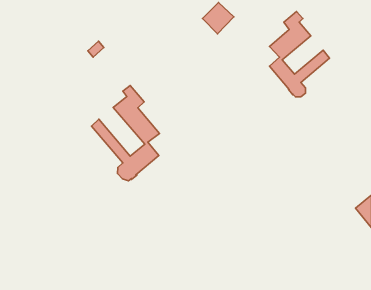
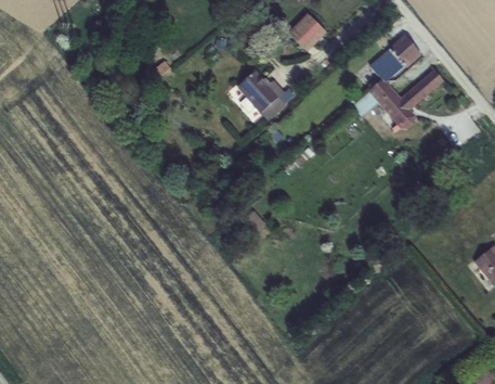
building: none -> [238,72,286,120]
building: [91,85,159,181] -> none

